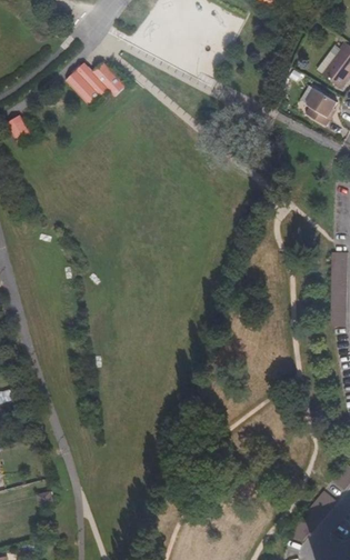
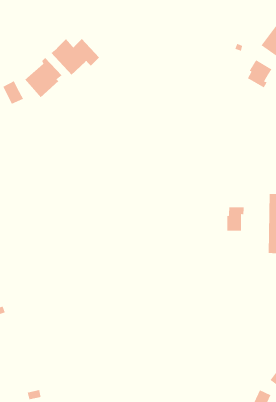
building: none -> [24,57,62,98]
building: none -> [227,207,244,231]

